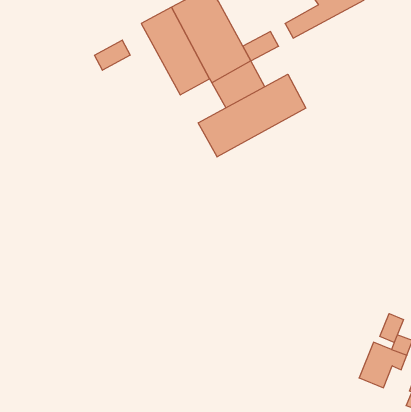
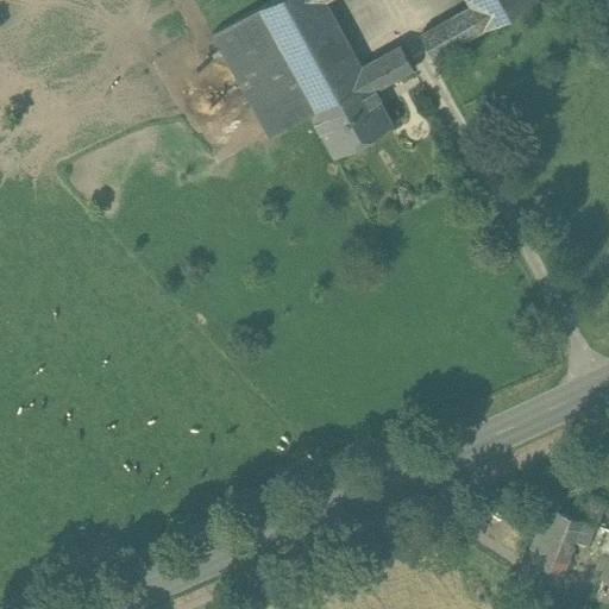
building: [95,40,130,70] -> none
building: [198,74,306,157] -> none
building: [380,314,403,342] -> none

